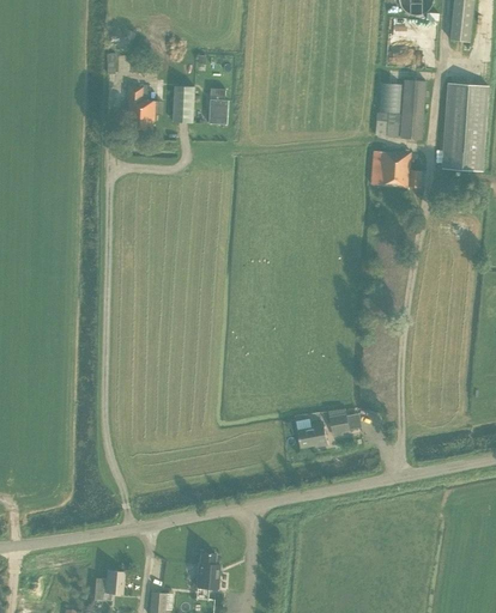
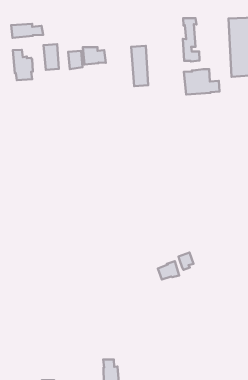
building: none -> [11,24,43,38]
building: [400,79,425,138] -> [131,46,148,86]
building: none -> [83,47,106,65]

